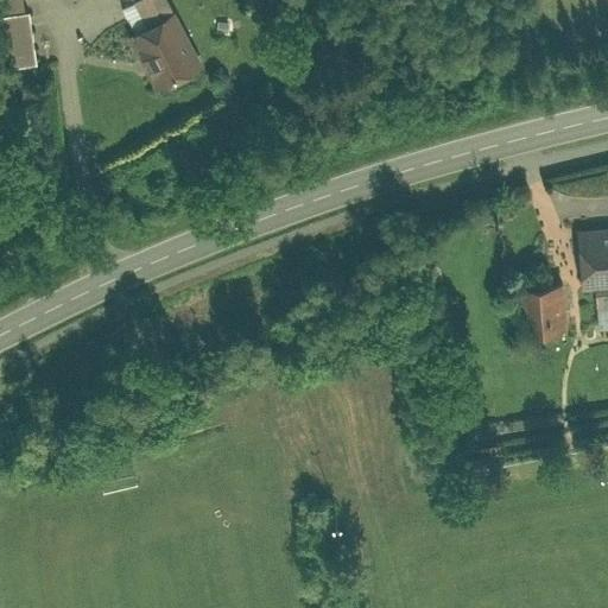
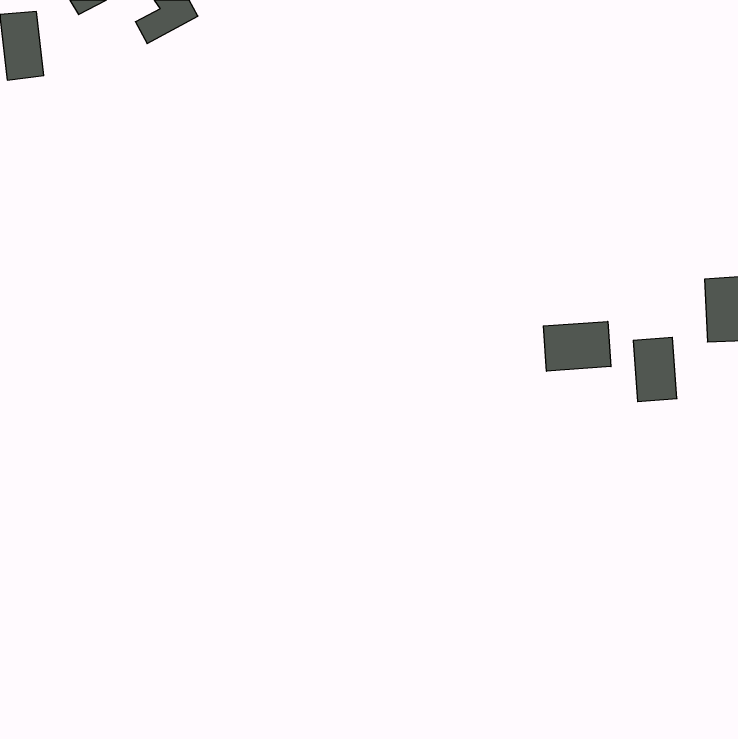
building: [131,15,213,101] -> none
building: none -> [543,321,611,371]

